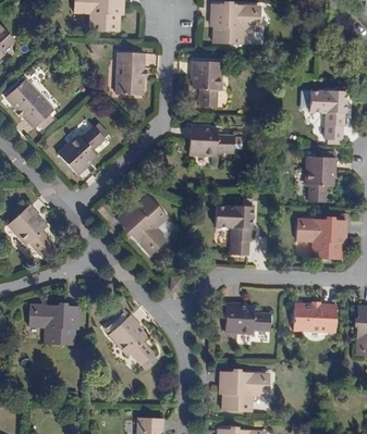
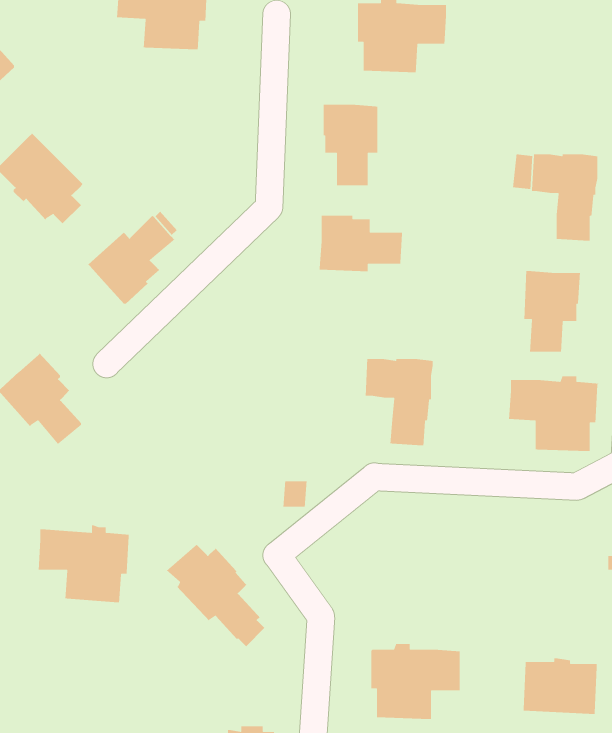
building: [114,51,147,94] -> none
building: [115,194,169,255] -> none
building: [293,300,335,333] -> [523,657,597,715]
building: [224,302,271,334] -> none

